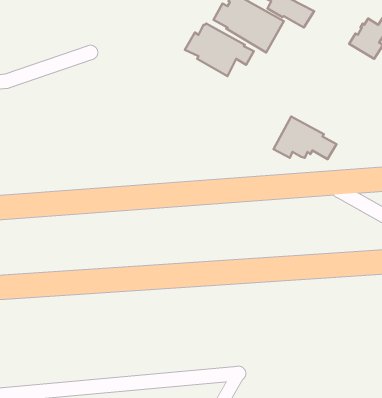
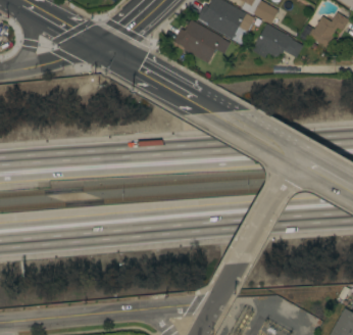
building: [274,117,336,159] -> [252,23,303,58]

